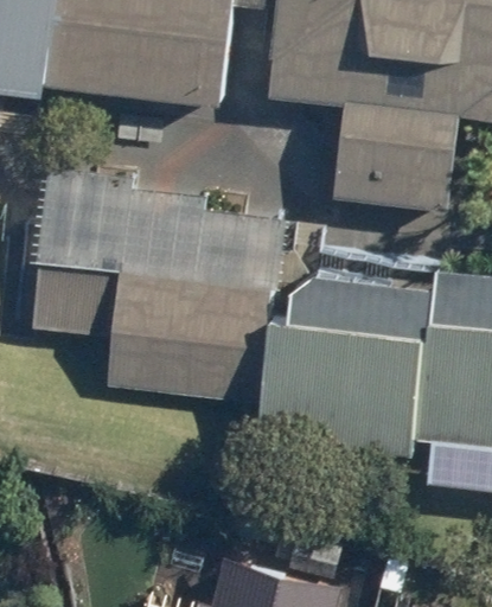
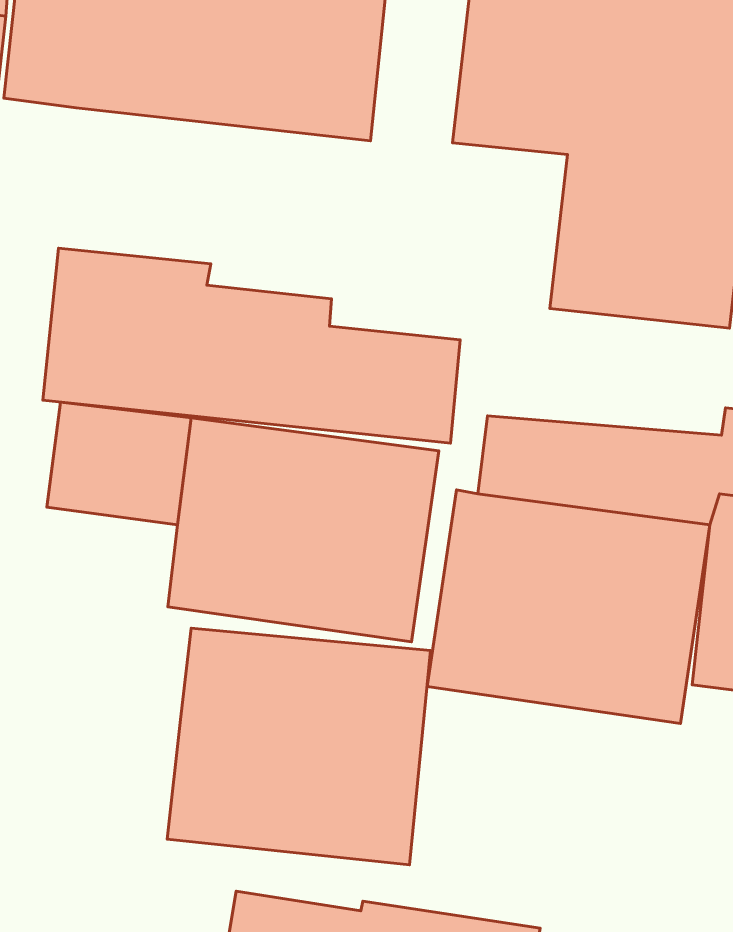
building: none -> [167,628,431,865]

